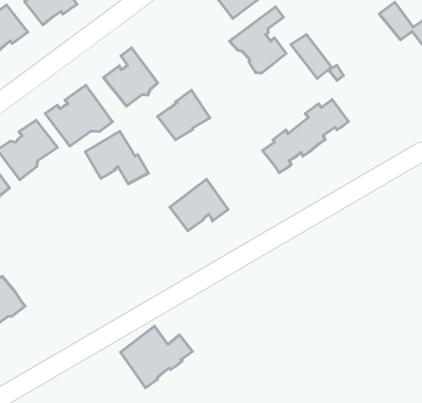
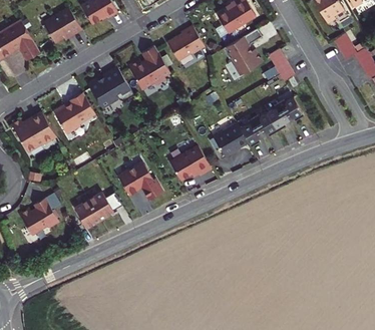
building: [157,90,210,140] -> [167,26,205,60]
building: [85,131,148,184] -> [118,160,161,199]
building: none -> [212,123,247,157]
building: [121,326,193,388] -> [70,185,121,228]

